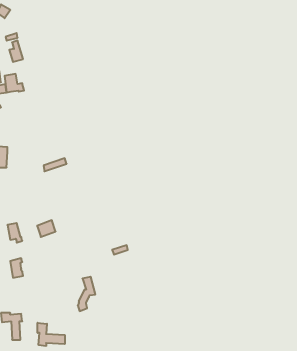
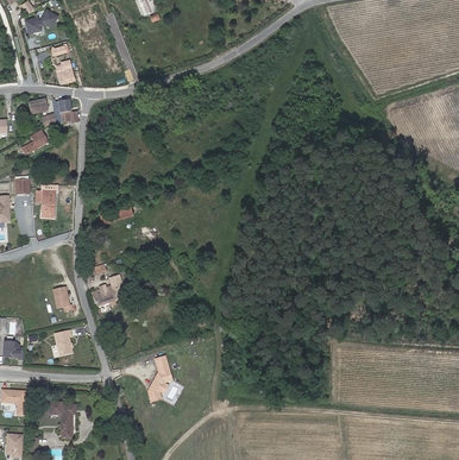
building: [38,323,65,346] -> none

